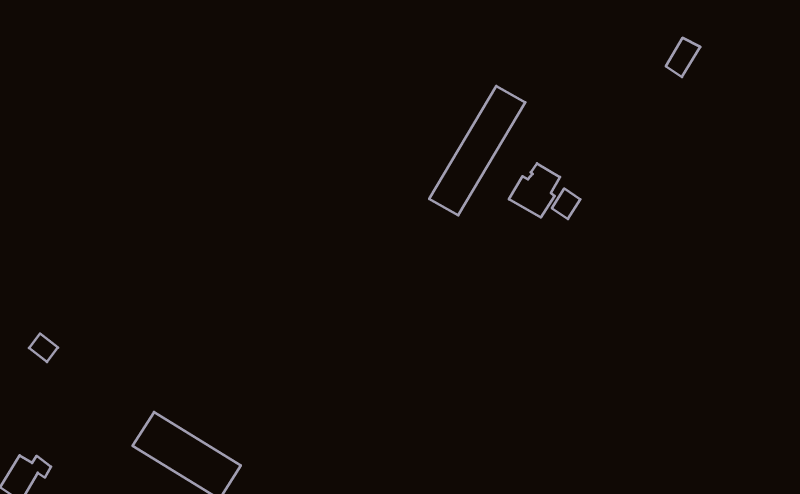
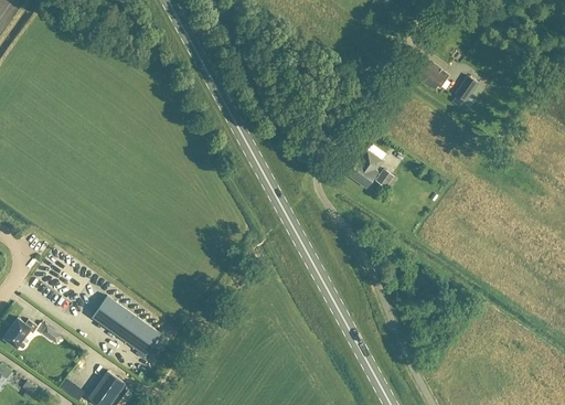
building: none -> [416,60,449,88]
building: [429,86,525,215] -> none

